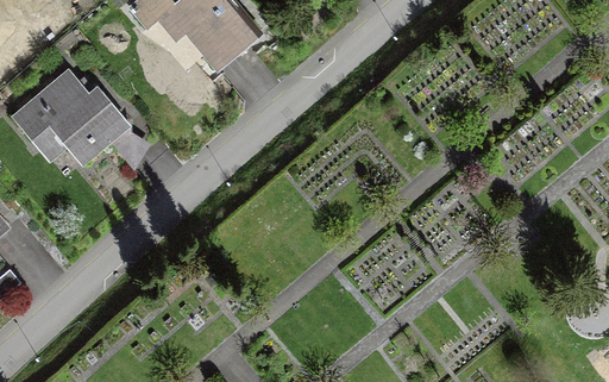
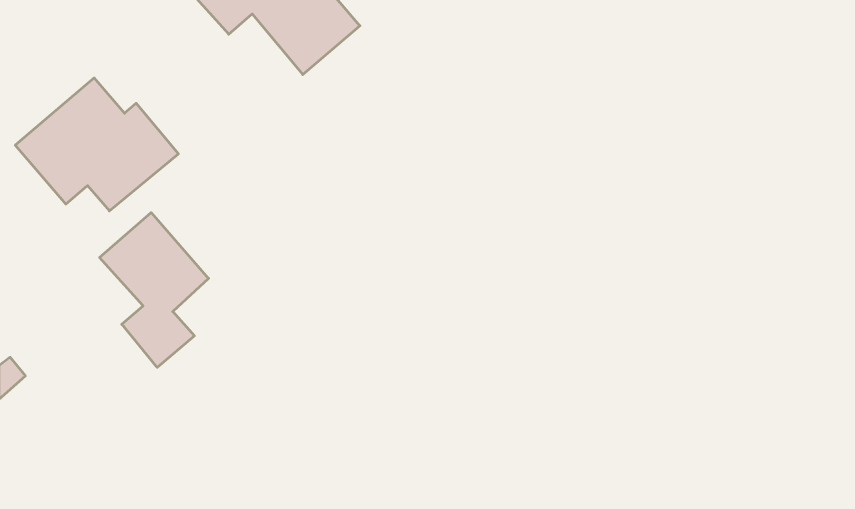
building: none -> [100,213,209,367]

